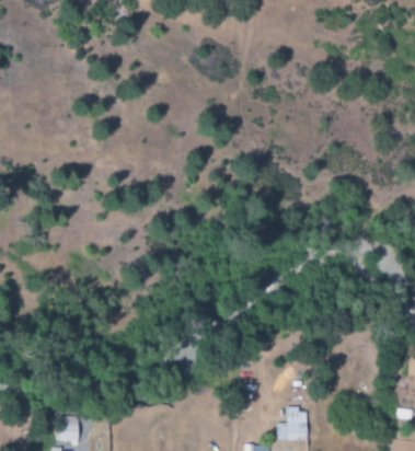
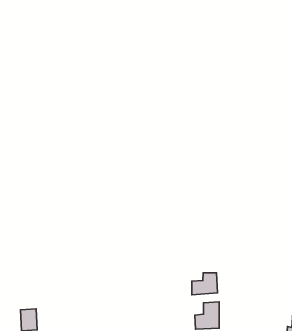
building: none -> [192,273,217,295]

